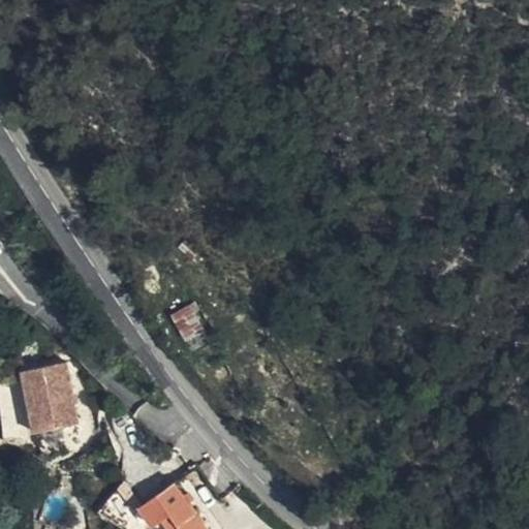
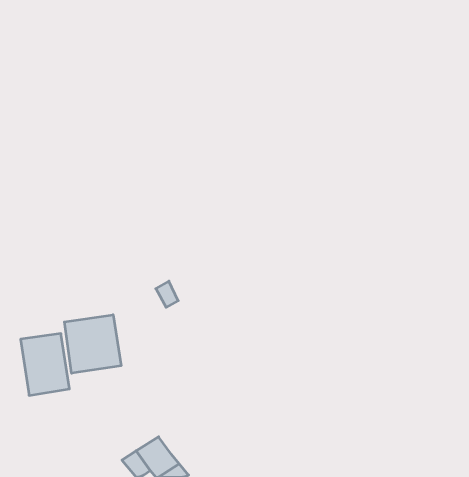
building: none -> [64,315,121,373]

